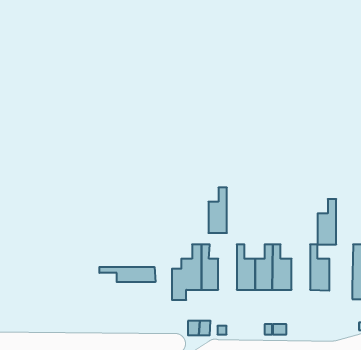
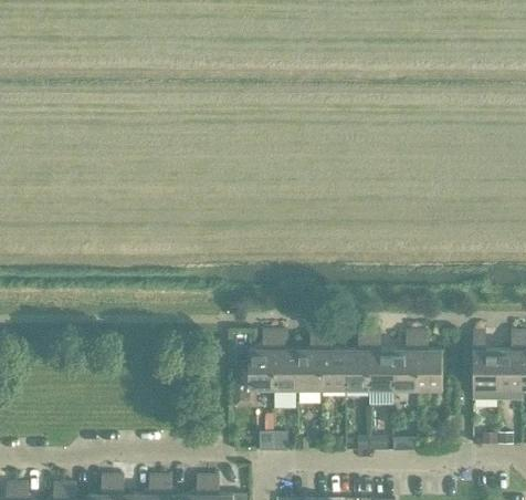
building: [208,188,227,233] -> [296,331,320,390]
building: [318,199,336,244] -> [392,331,417,390]
building: [99,267,155,282] -> none

